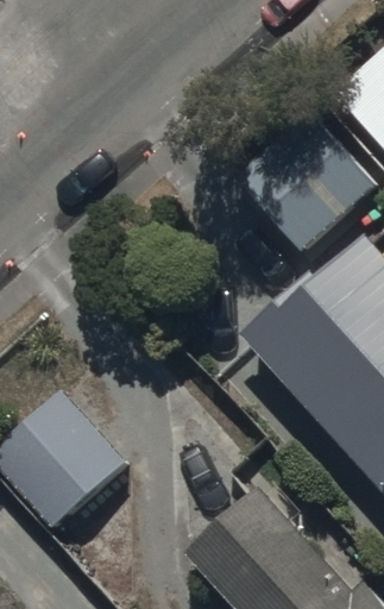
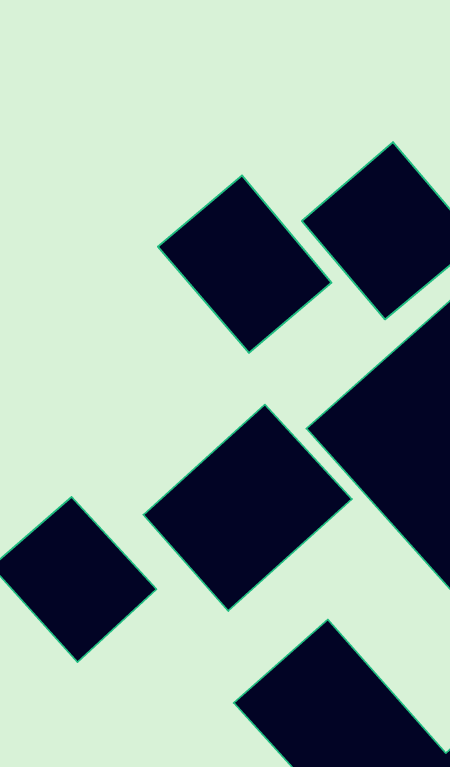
building: none -> [158,175,331,353]
building: none -> [143,405,352,611]

